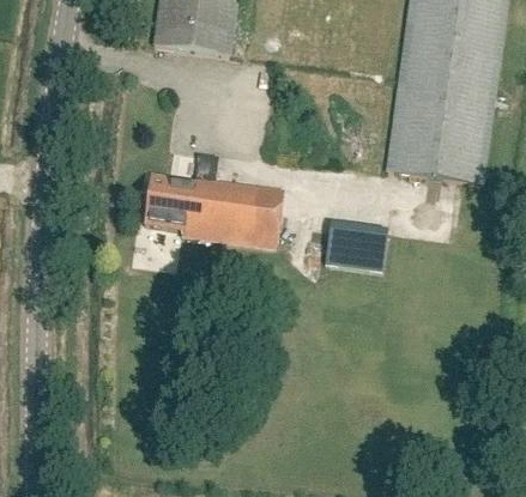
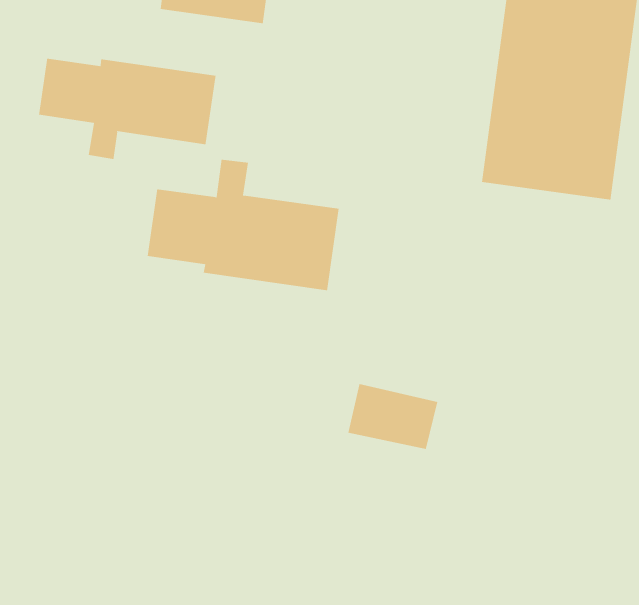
building: none -> [39,58,216,160]
building: [331,224,397,272] -> [347,384,438,449]

